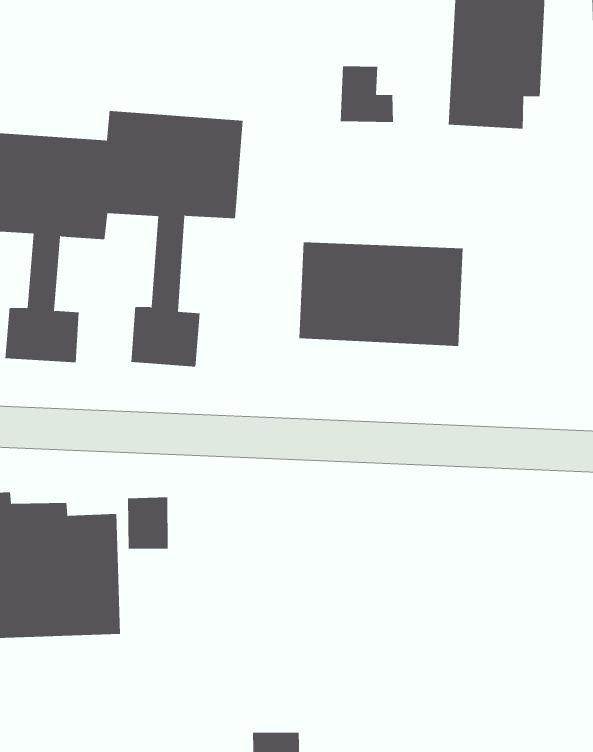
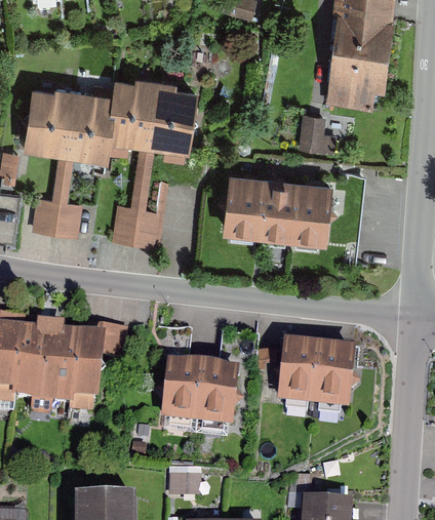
building: [340,66,394,123] -> [304,115,339,153]
building: none -> [274,342,351,409]
building: none -> [159,360,234,428]

